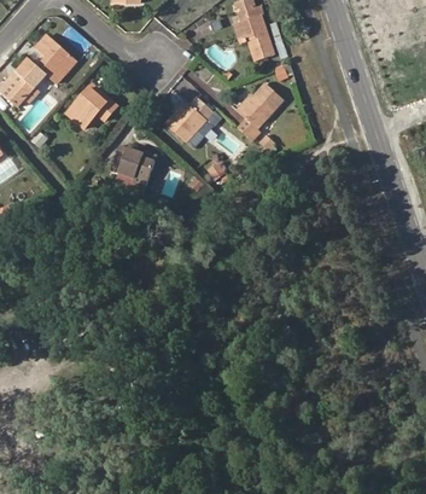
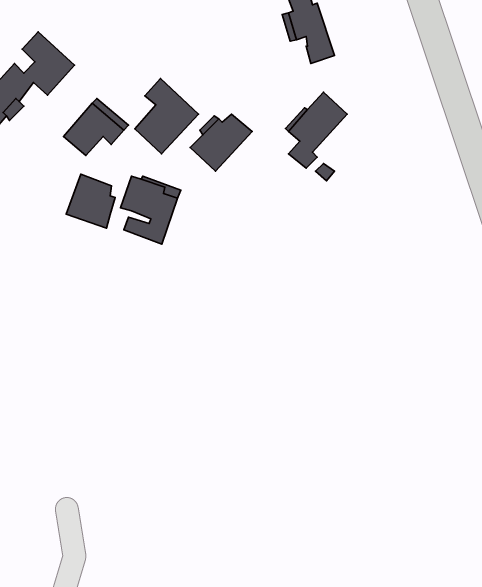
building: none -> [135,78,199,154]
building: none -> [66,174,115,228]

